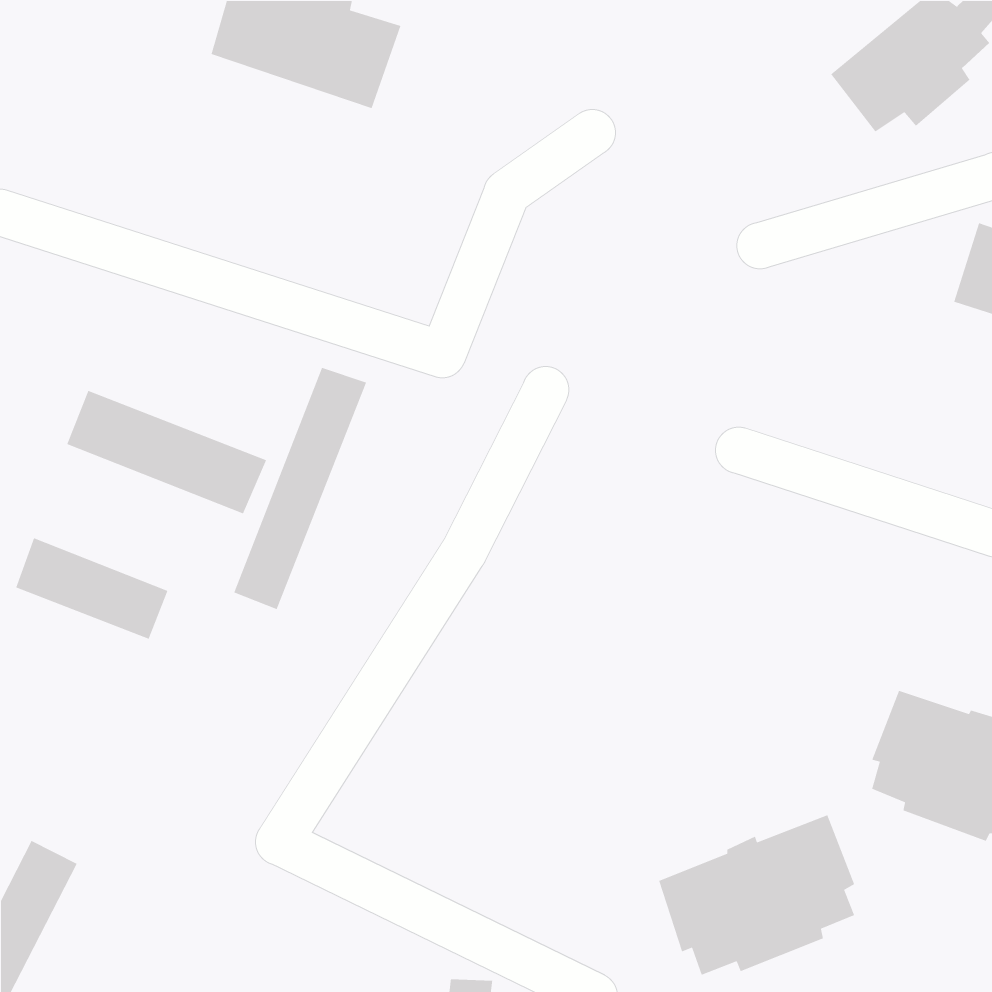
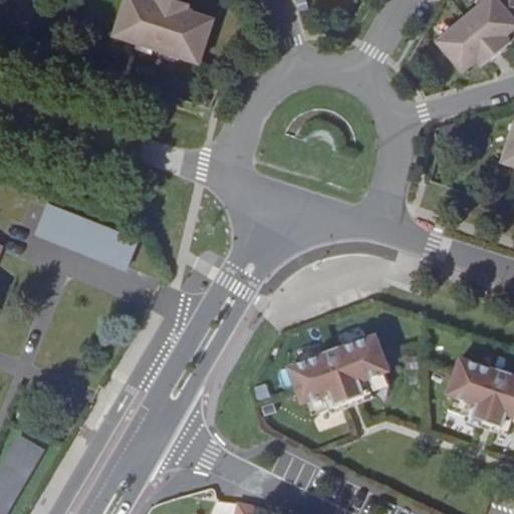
building: [233,367,367,610] -> none
building: [15,537,169,640] -> none
building: [658,814,855,976] -> [291,335,393,419]

